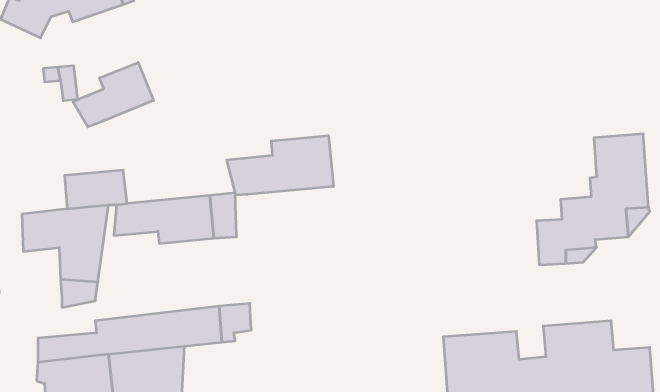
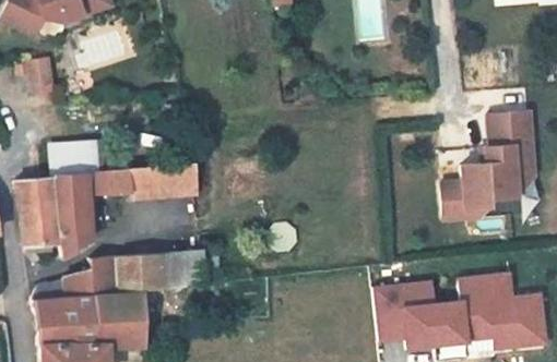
building: [73,62,154,127] -> none
building: [227,136,333,195] -> none
building: none -> [21,208,52,251]

